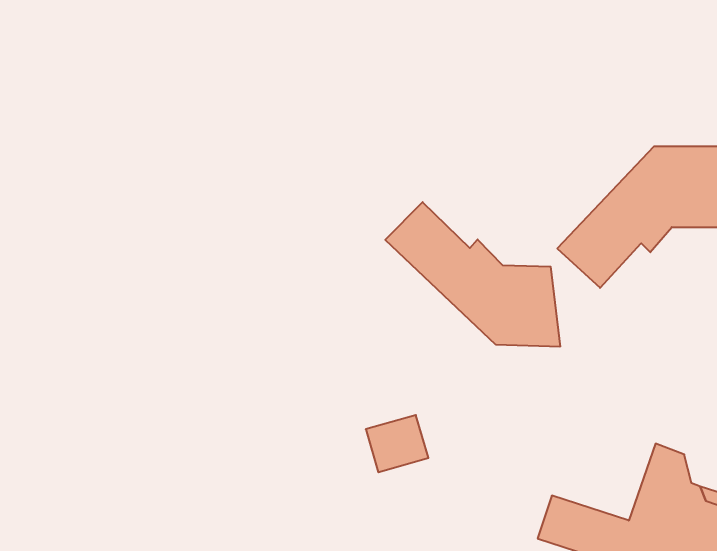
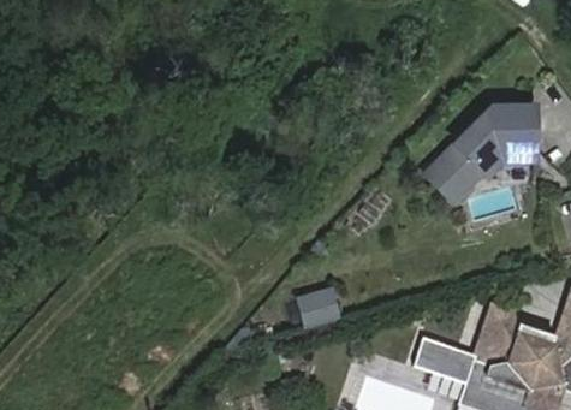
building: [385,202,560,347] -> none

